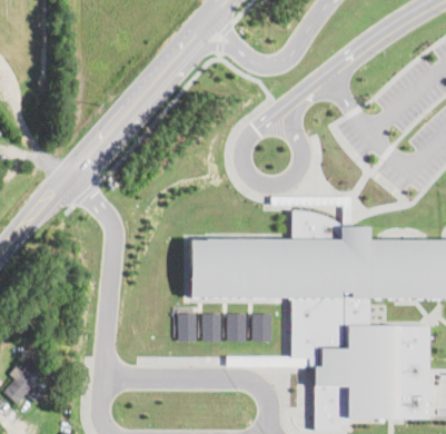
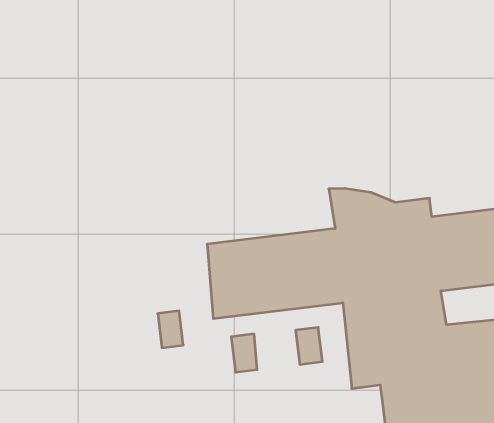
building: [227,313,246,341] -> none
building: [178,314,195,341] -> [158,311,183,348]

